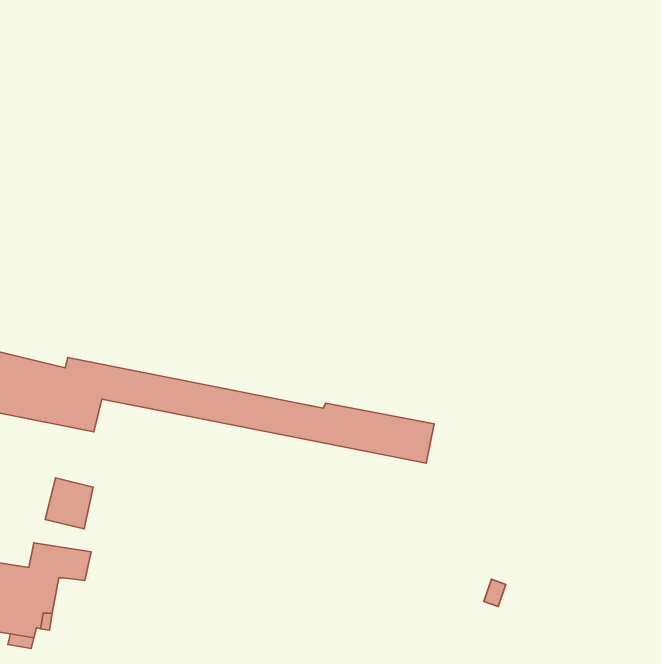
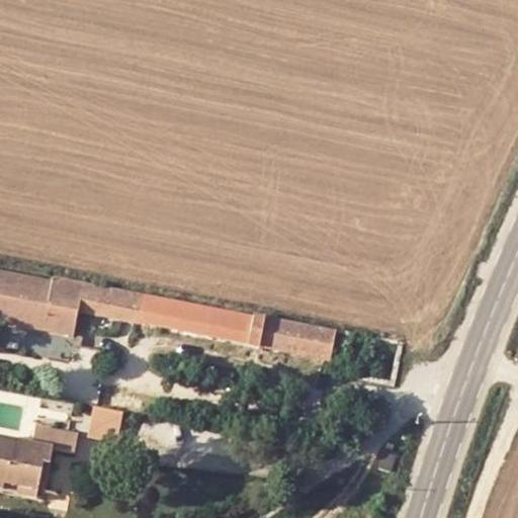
building: [45,478,93,529] -> [86,402,123,441]

